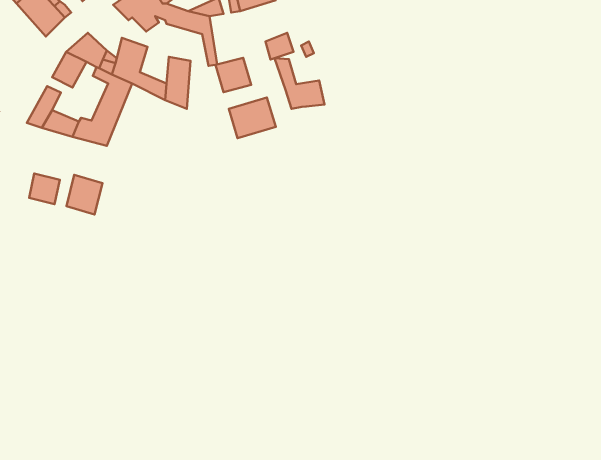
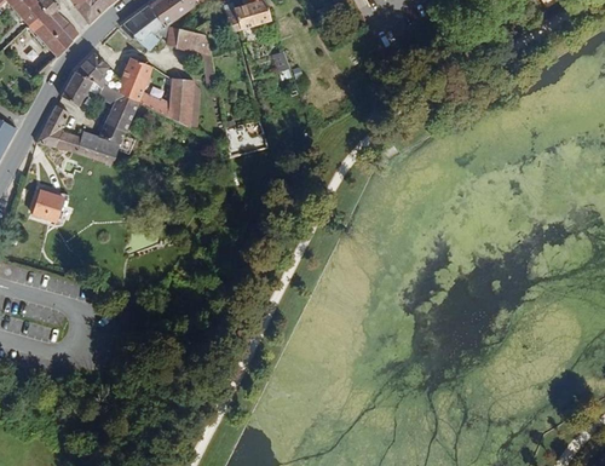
building: [215,58,251,92] -> none
building: [274,58,324,109] -> none
building: [66,175,102,214] -> none

